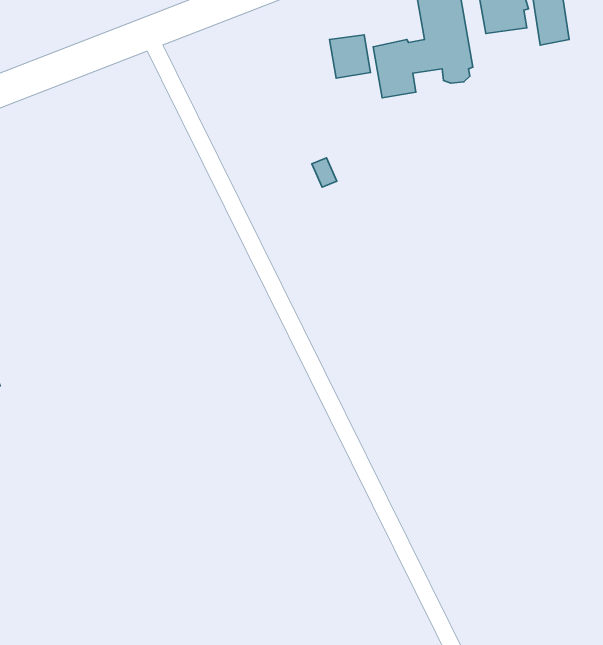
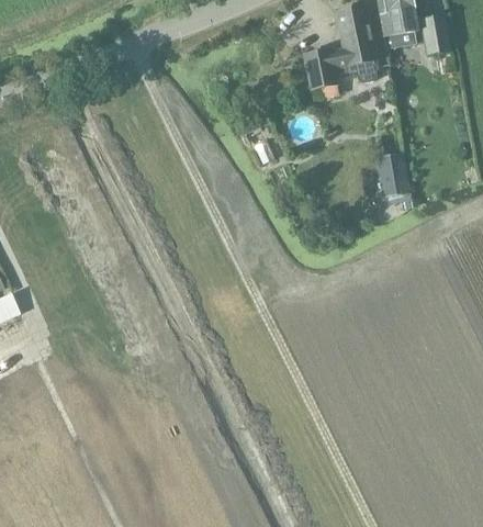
building: [330,35,371,78] -> none
building: none -> [377,153,409,195]

